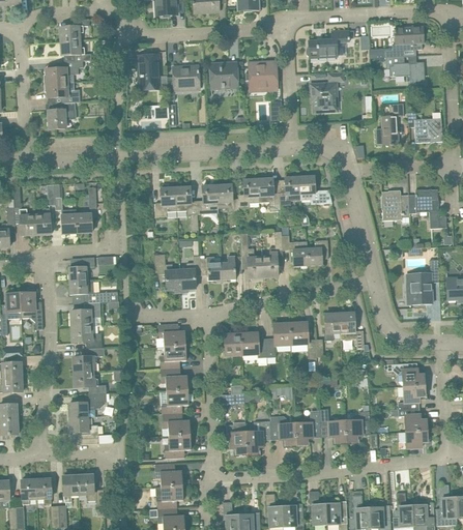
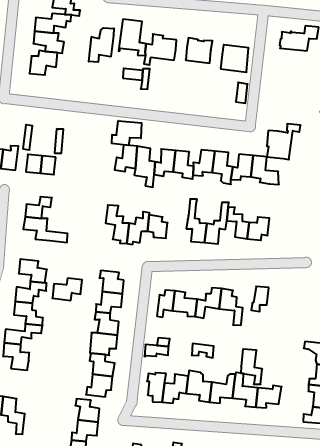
building: none -> [89,28,114,62]
building: [310,72,343,112] -> [267,124,301,160]
building: none -> [112,121,142,145]
building: [221,255,242,278] -> none
building: [70,301,100,326] -> [52,278,82,300]
building: [339,312,364,348] -> [241,349,262,384]

